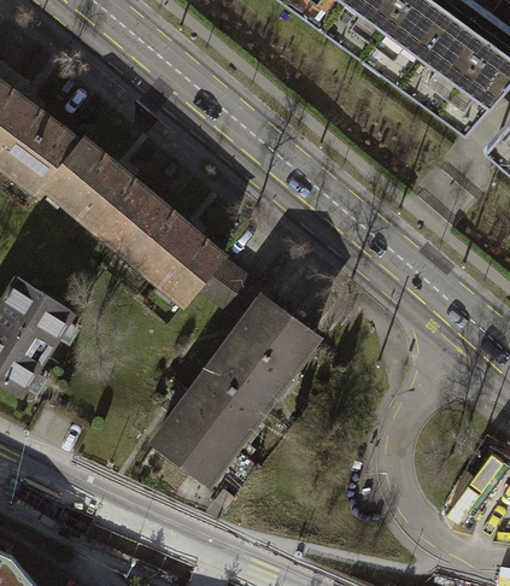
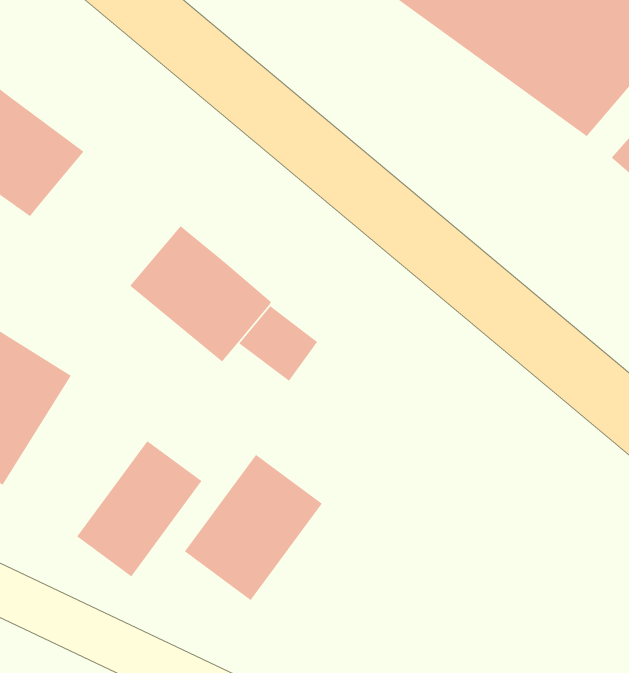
building: [46,139,154,242] -> none
building: [211,295,316,406] -> none
building: none -> [76,440,203,577]

